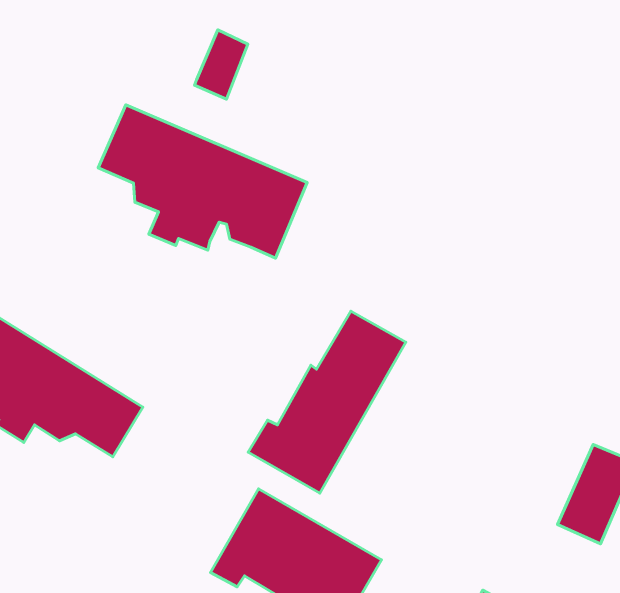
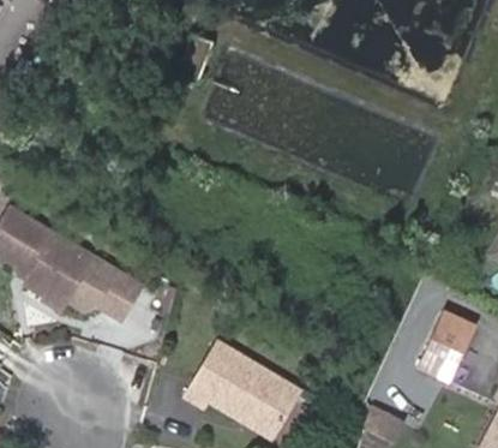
building: [98,105,307,258] -> none
building: [248,311,406,493] -> none

